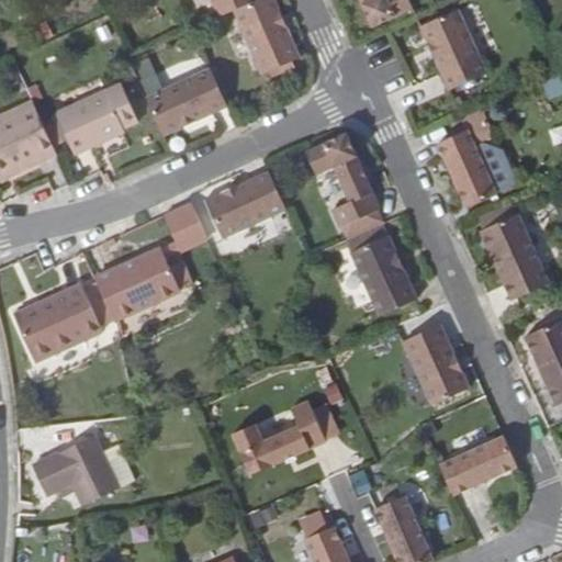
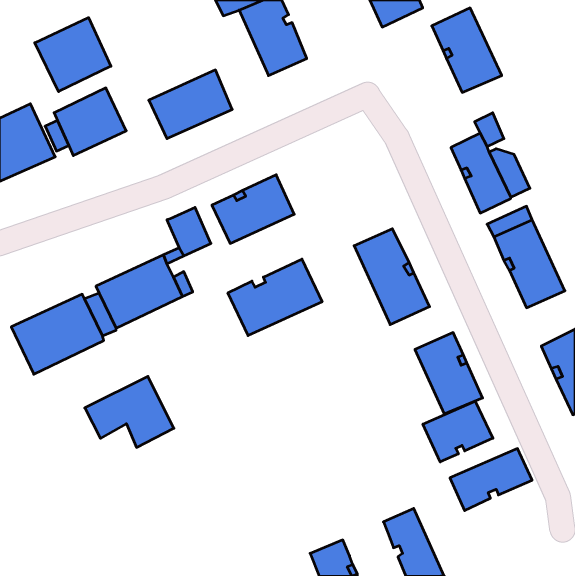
building: none -> [35,18,111,92]
building: [306,133,381,227] -> none
building: none -> [228,259,322,336]
building: none -> [423,401,493,462]
building: [228,394,339,475] -> none
building: [31,438,117,507] -> [85,376,174,447]

